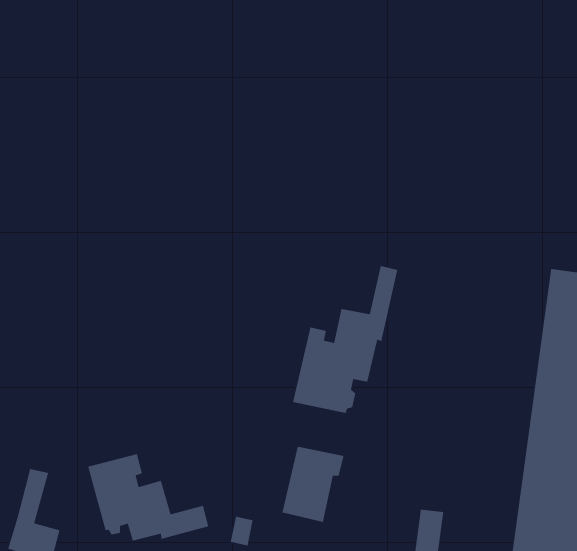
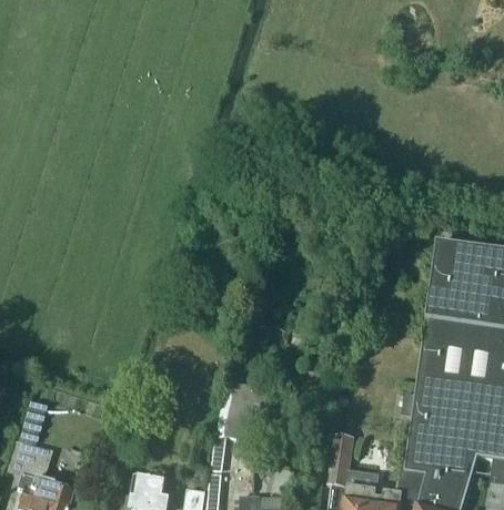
building: [292,265,398,414] -> none
building: [87,453,209,541] -> none

